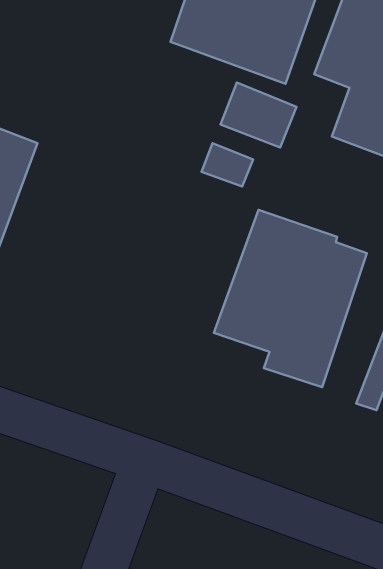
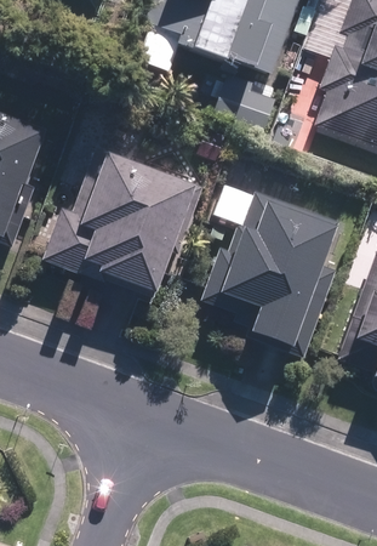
building: none -> [59,147,204,294]

